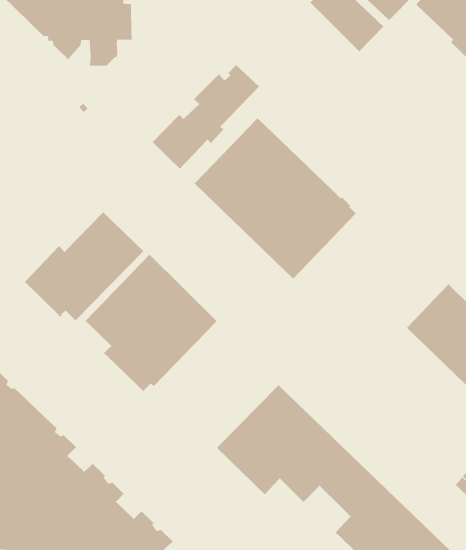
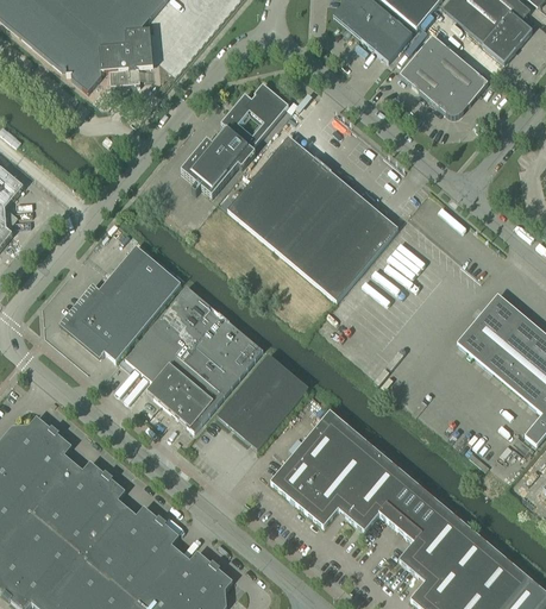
building: none -> [400,34,488,115]
building: none -> [216,354,308,448]

